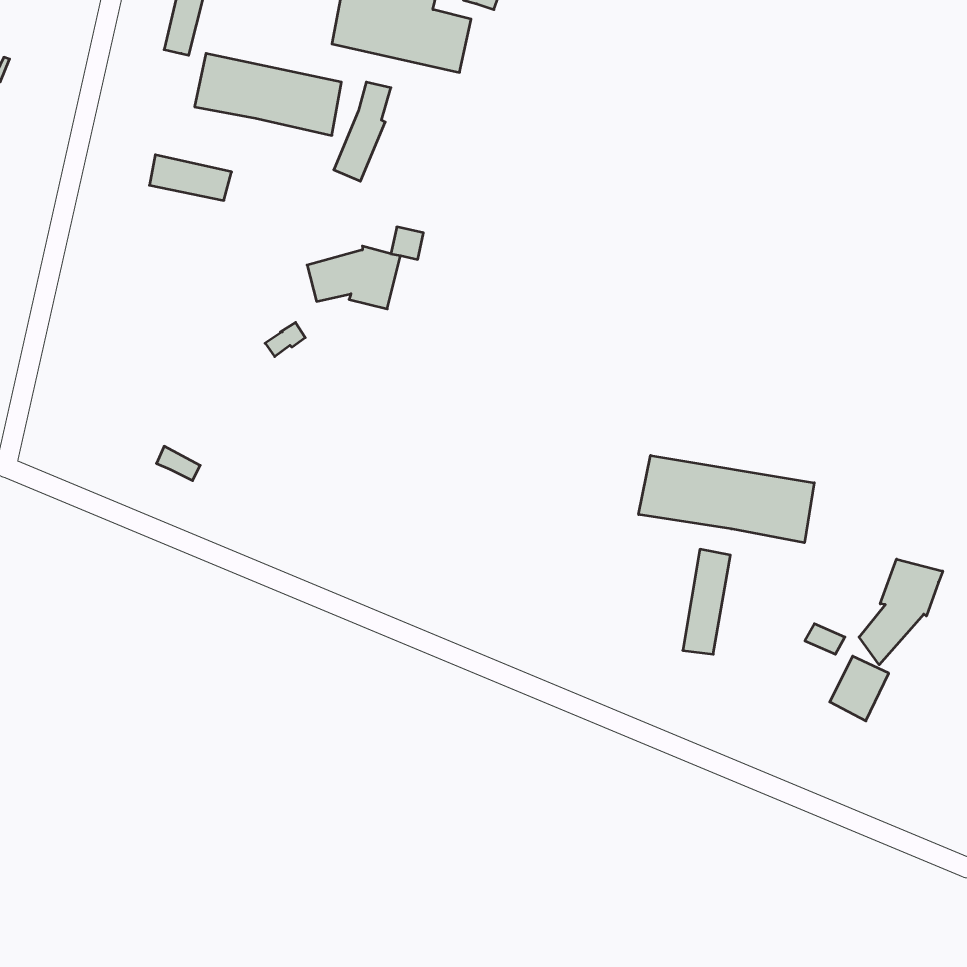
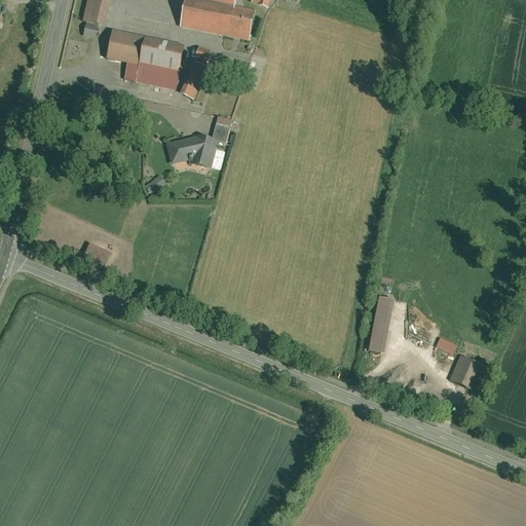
building: [149,155,232,200] -> [135,64,179,88]
building: [639,455,814,543] -> none
building: [859,559,943,665] -> none

